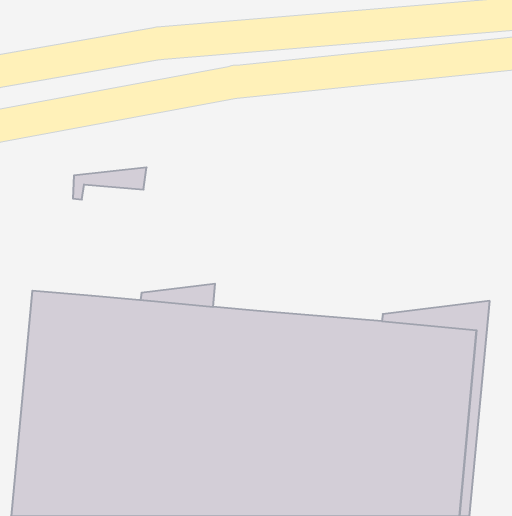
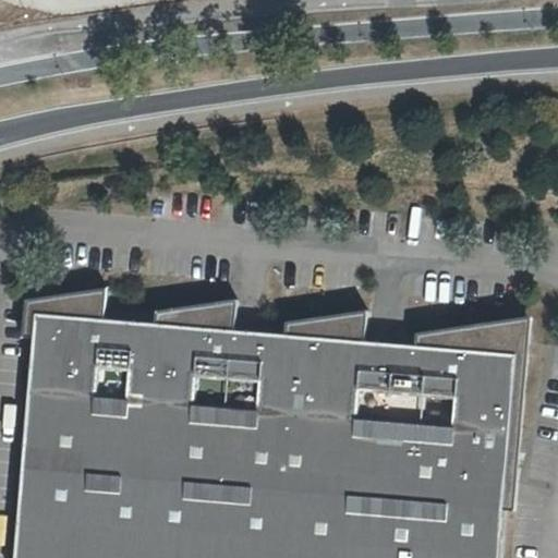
building: [73,167,147,200] -> [23,295,102,330]
building: none -> [281,318,362,342]

